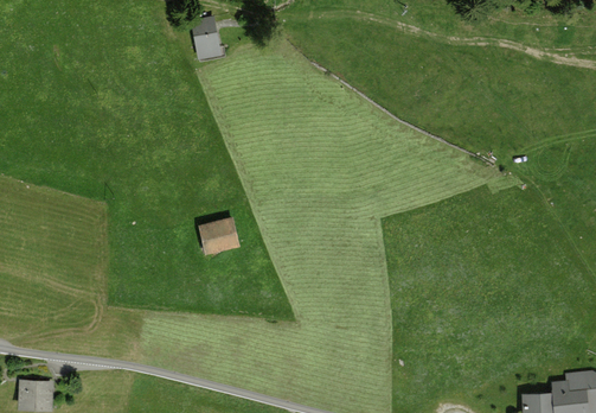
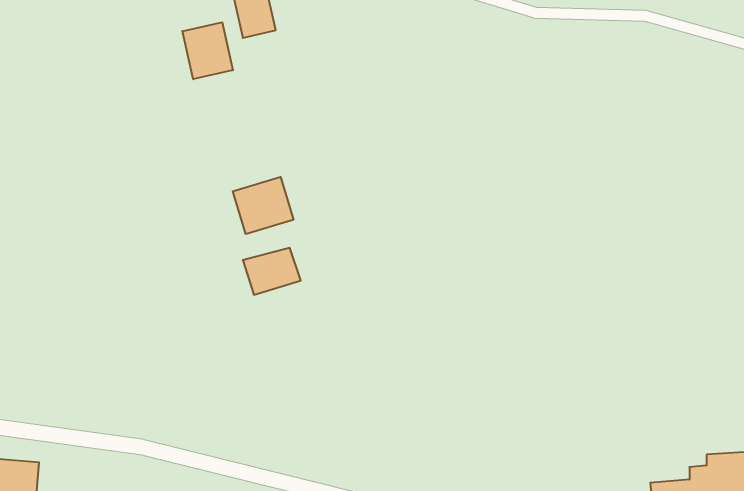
building: none -> [182,22,233,79]
building: none -> [233,177,293,234]

